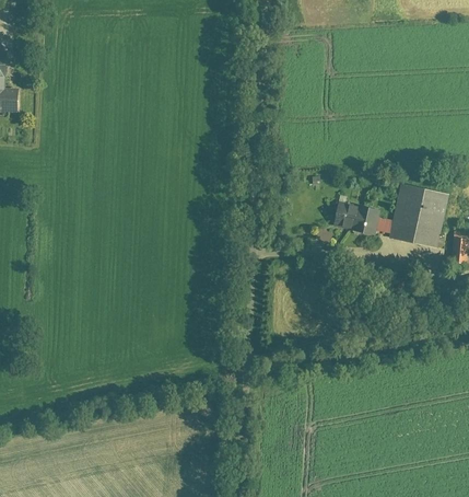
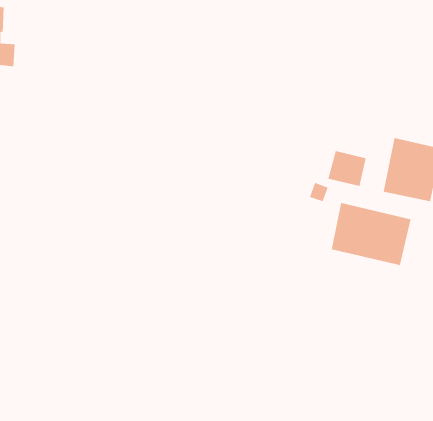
building: none -> [331,202,411,266]

